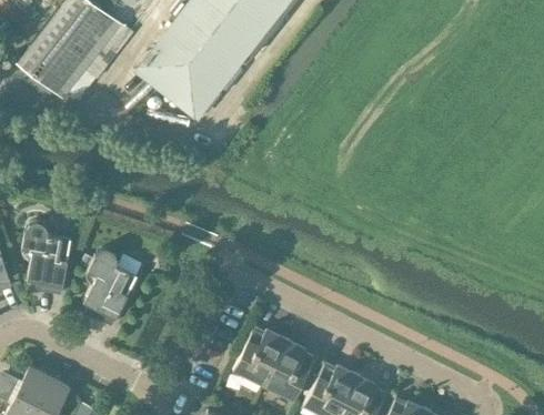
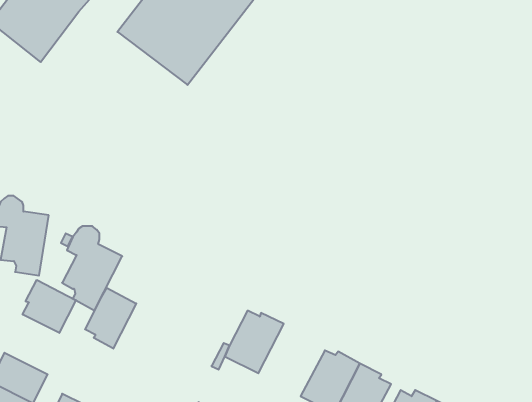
building: none -> [23,280,76,333]
building: none -> [85,288,136,349]
building: [264,340,314,401] -> none

